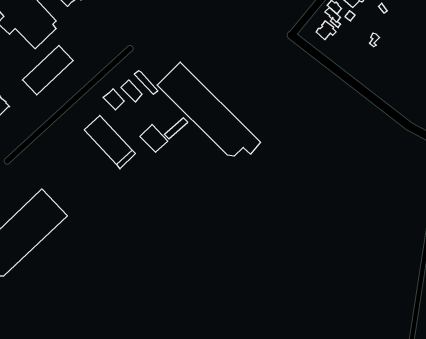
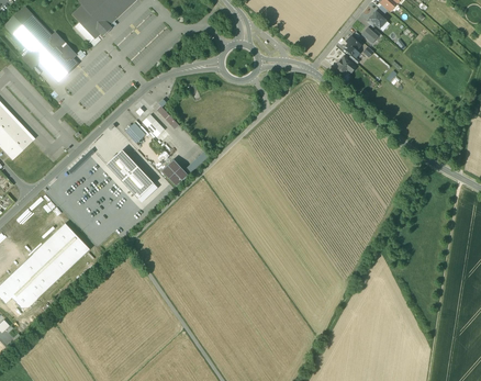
building: [22,45,73,95] -> none
building: [157,62,261,156] -> none

